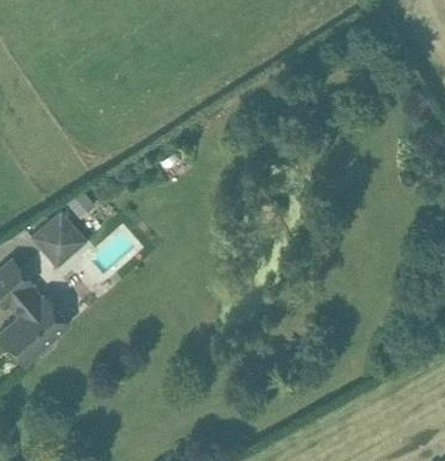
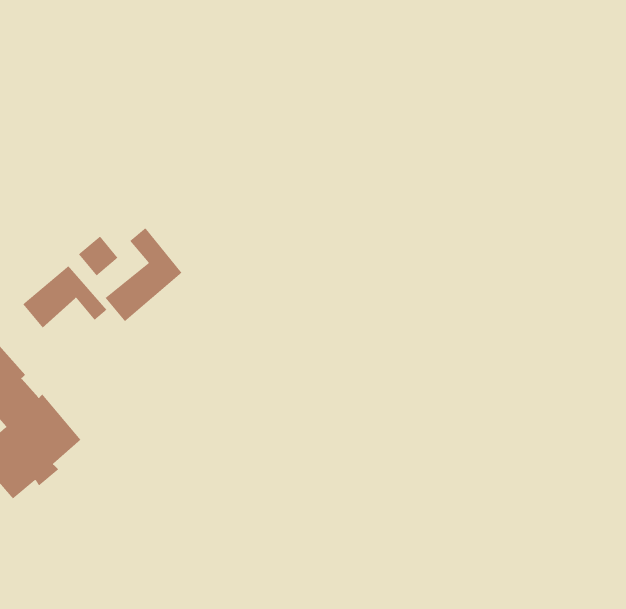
building: none -> [105,227,183,322]

